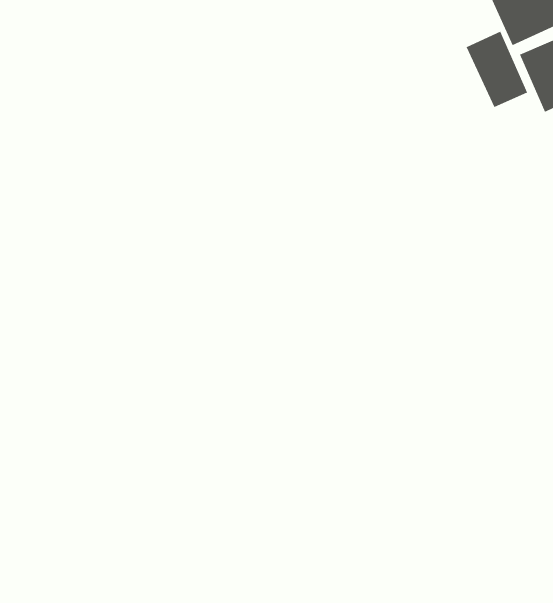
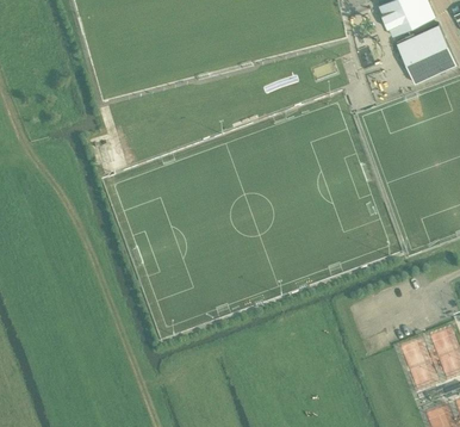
building: [466,31,528,108] -> none

